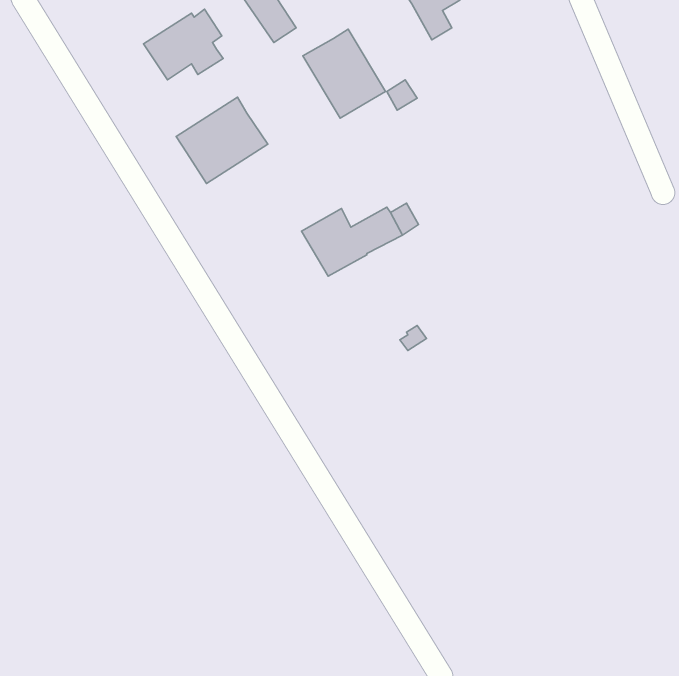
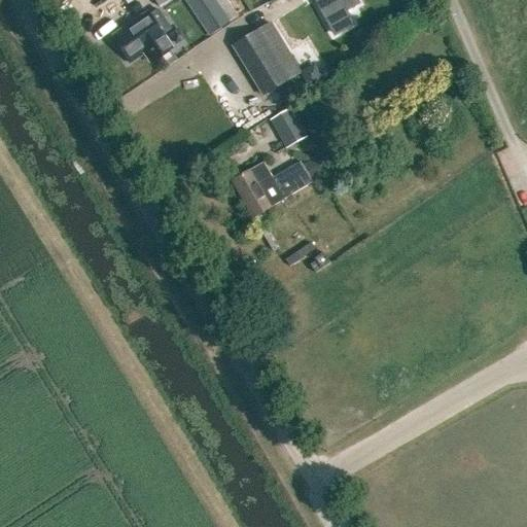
building: [176,97,268,183] -> none
building: none -> [271,106,308,146]

